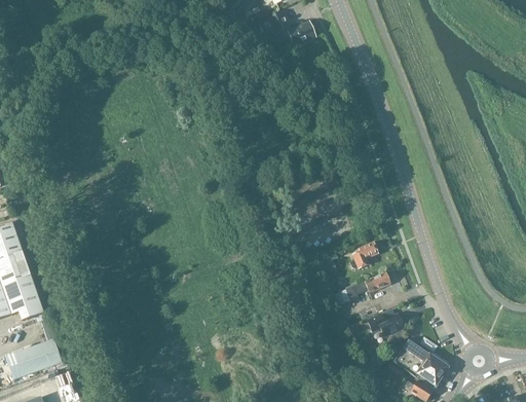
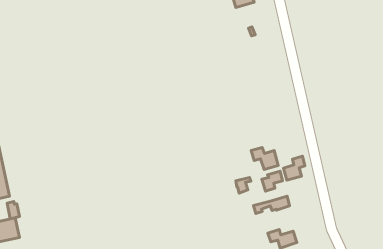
building: none -> [251,147,278,170]
building: none -> [283,156,305,180]

